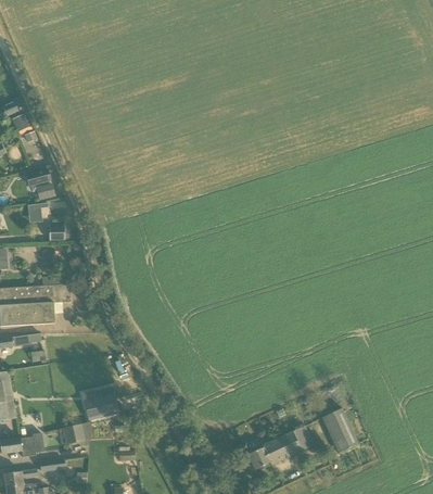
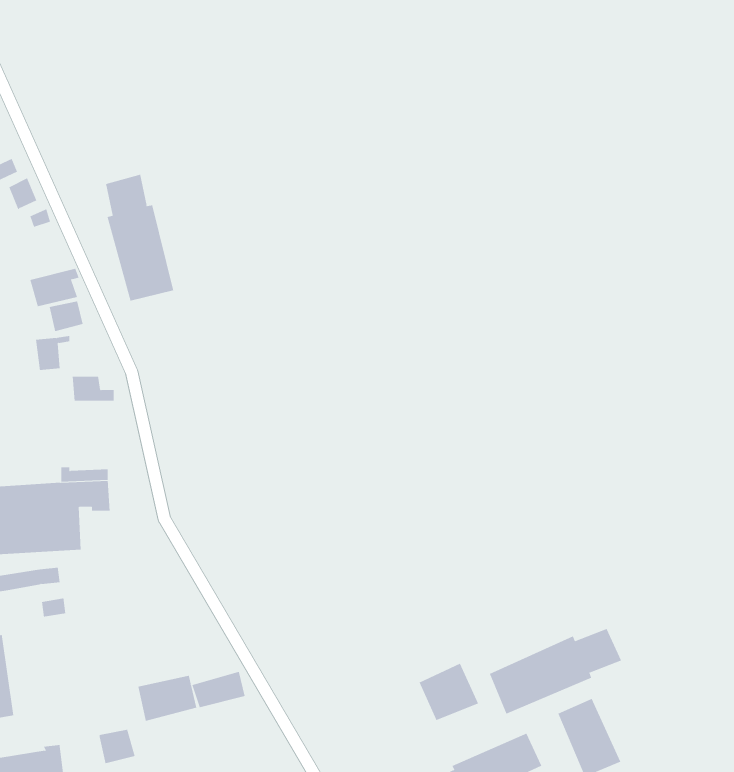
building: none -> [105,174,174,301]
building: none -> [489,628,622,714]
building: none -> [419,663,479,721]

